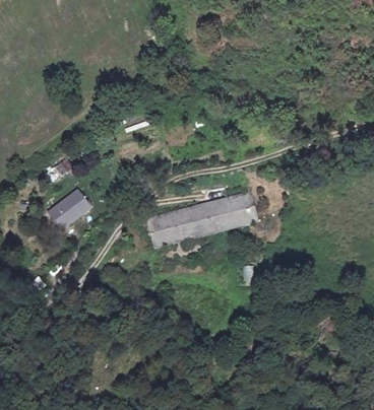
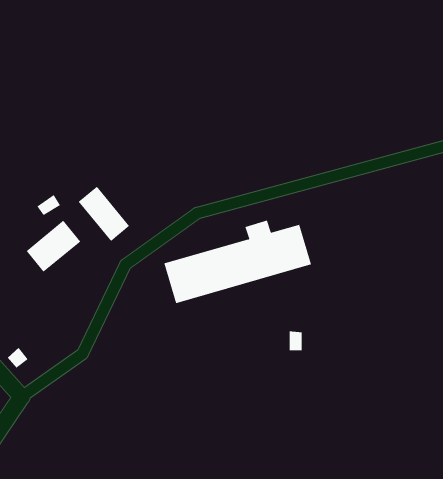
building: none -> [78,186,130,242]

